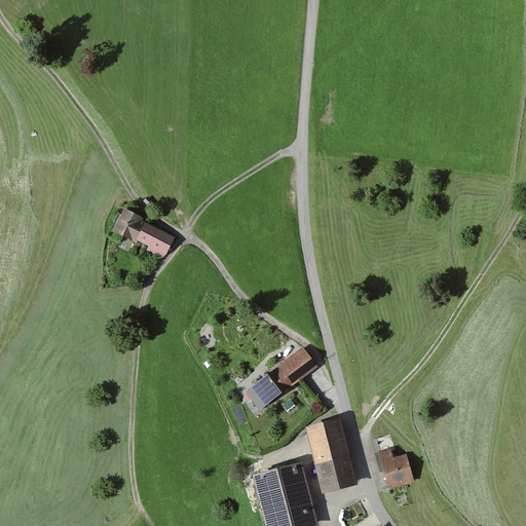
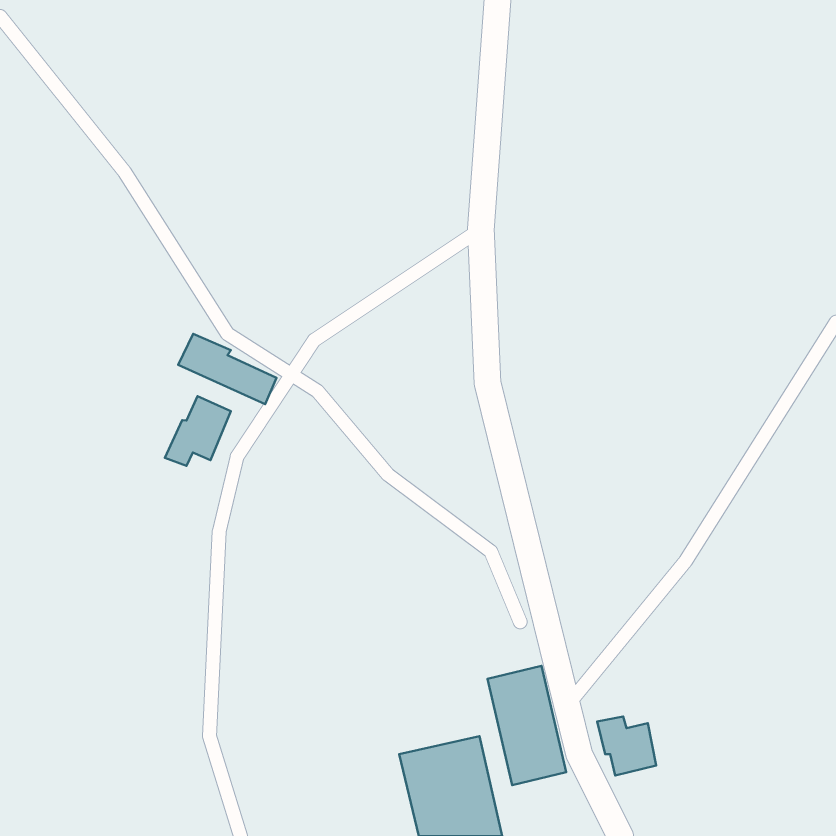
building: none -> [165,396,231,466]
building: [246,348,316,409] -> none

